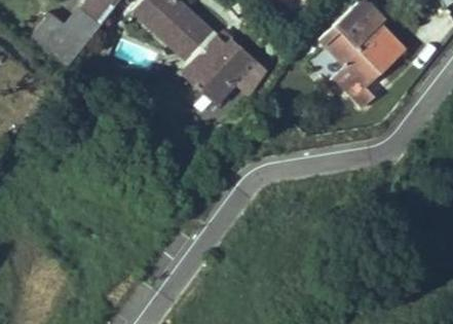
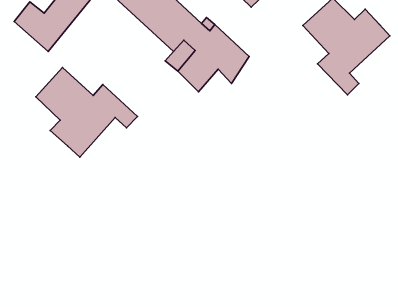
building: none -> [36,68,137,157]

